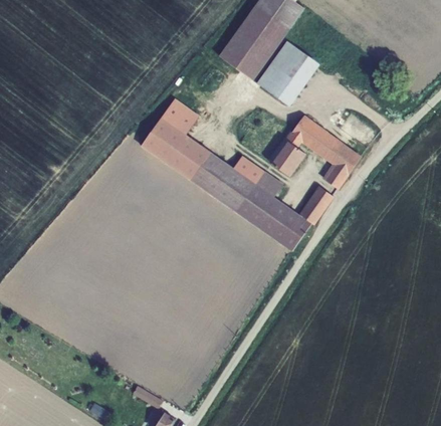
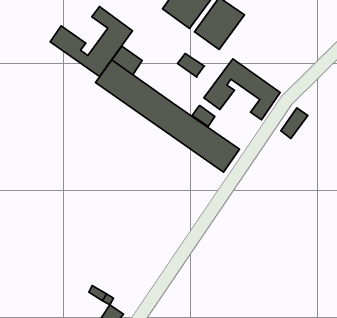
building: none -> [50,6,132,76]
building: [232,156,264,184] -> [177,53,204,77]
building: [300,187,333,223] -> [281,108,308,138]

